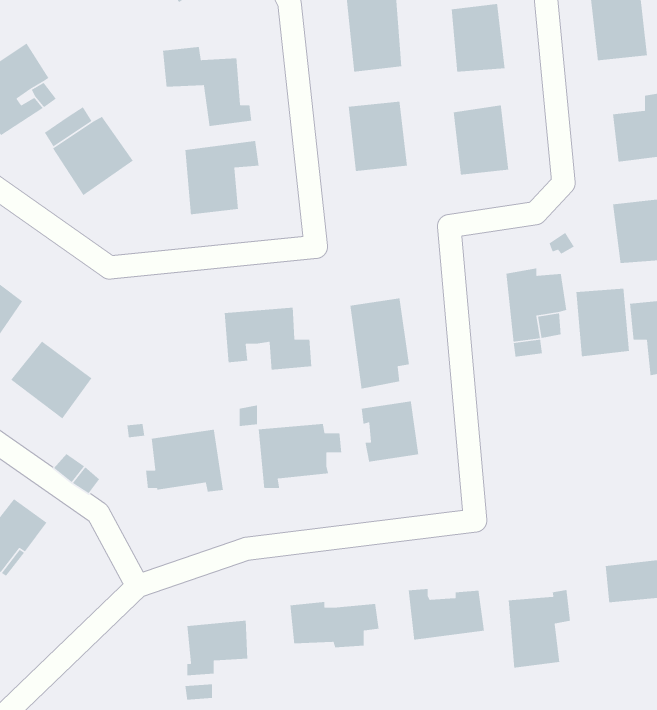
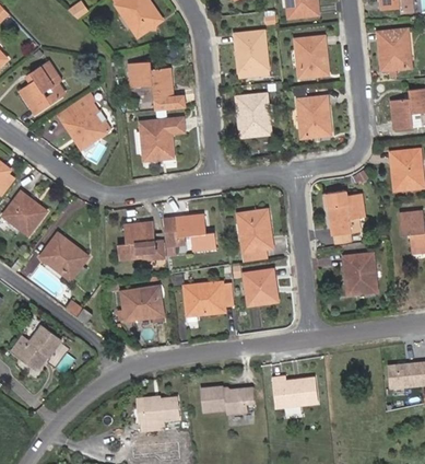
building: [575,288,630,357] -> [344,254,376,294]
building: none -> [119,221,156,260]
building: [508,589,571,668] -> none

